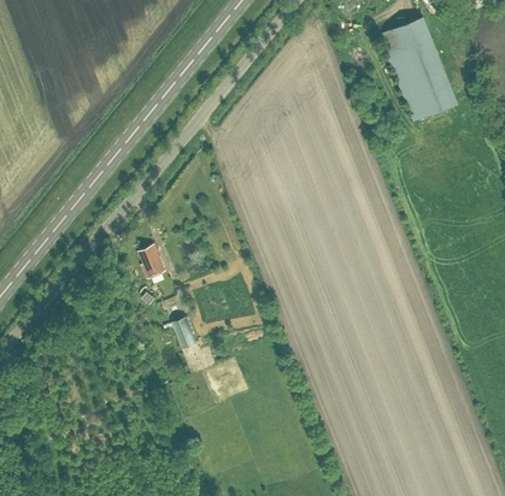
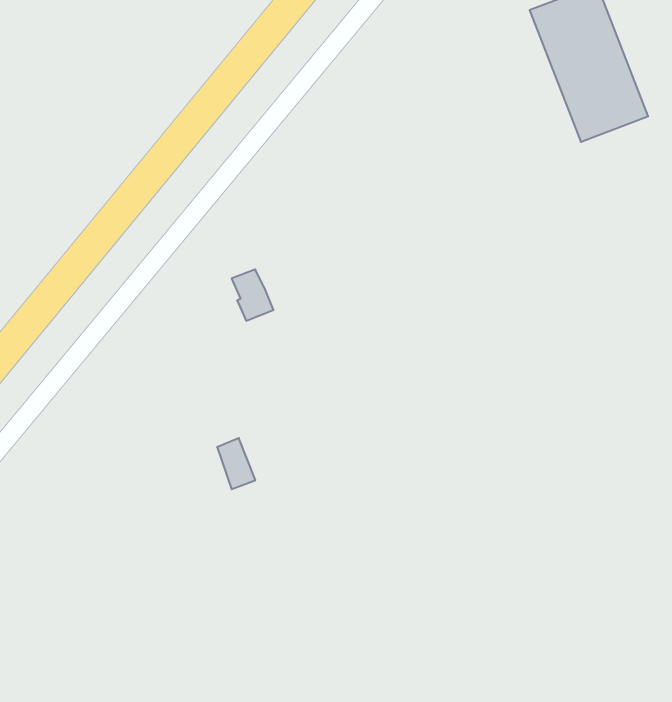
building: [139,244,166,278] -> [232,269,274,321]

